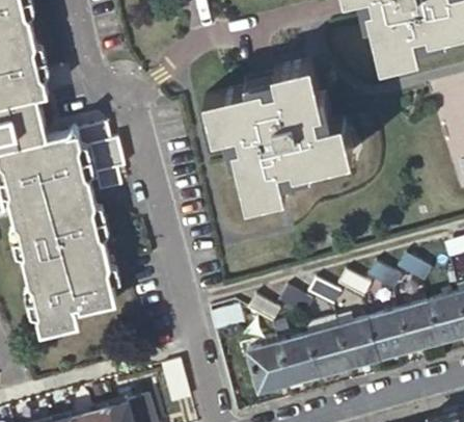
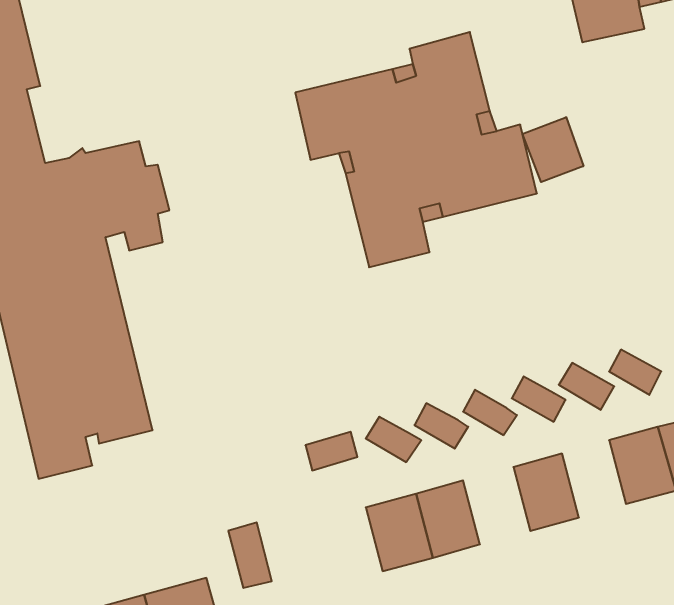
building: none -> [522,117,583,182]
building: [366,313,406,361] -> none
building: [303,323,347,377] -> none

